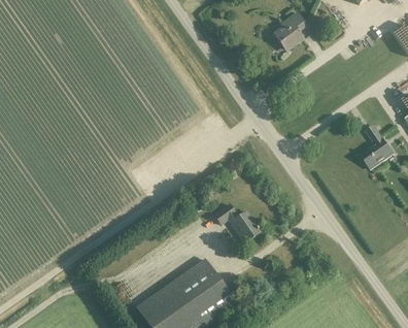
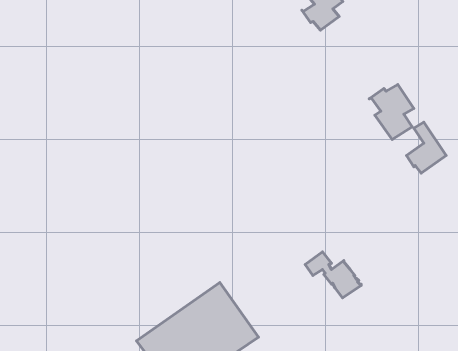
building: none -> [369,85,414,140]
building: [214,203,261,241] -> [305,252,361,298]

